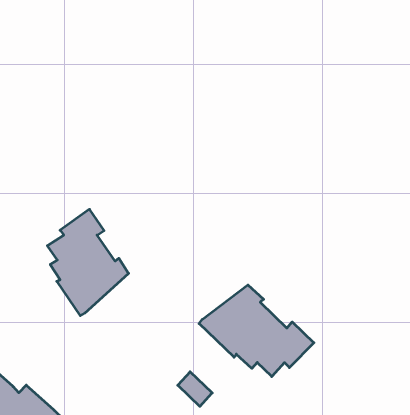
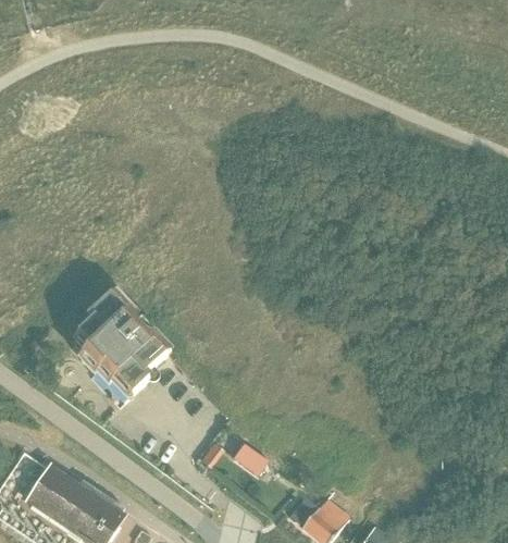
building: [199,285,314,377] -> none

